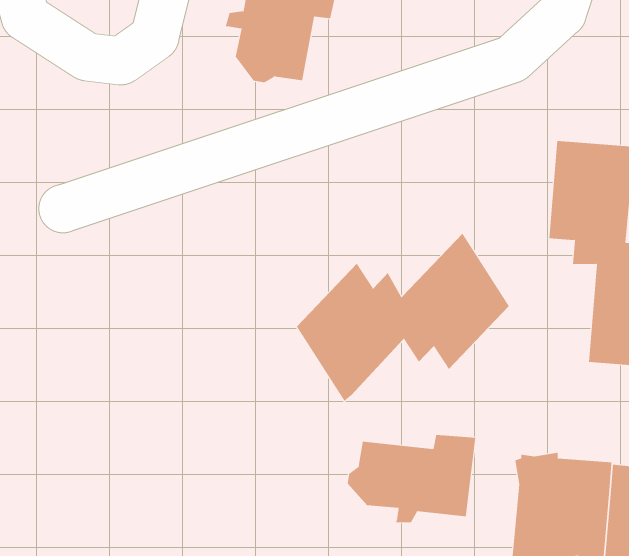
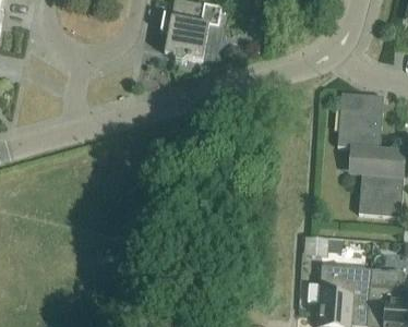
building: [296,233,510,402] -> none
building: [347,434,476,523] -> none

